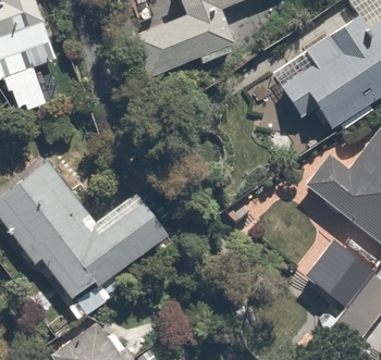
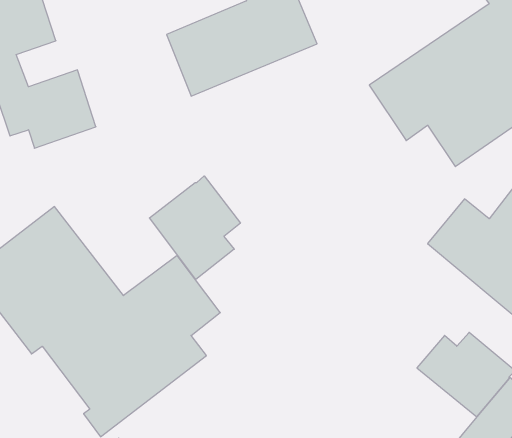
building: none -> [149,176,240,279]

